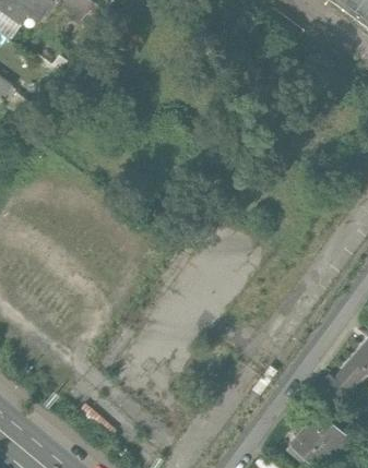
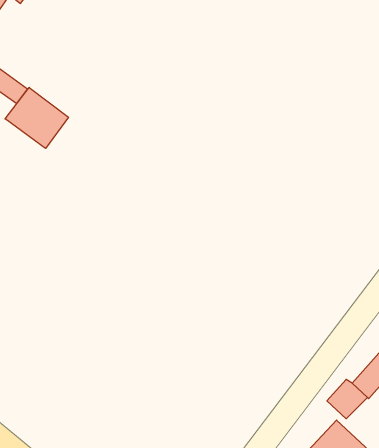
building: none -> [5,87,68,148]

